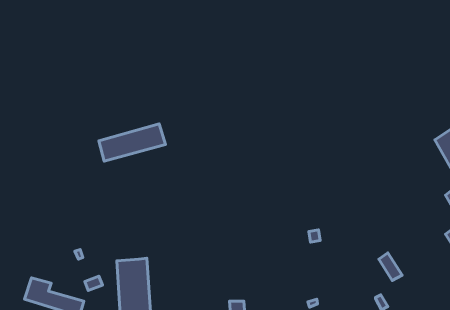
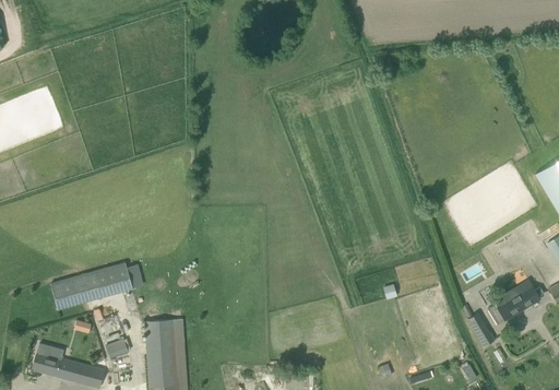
building: [99,124,165,161] -> [51,263,133,309]
building: none -> [488,284,540,324]

